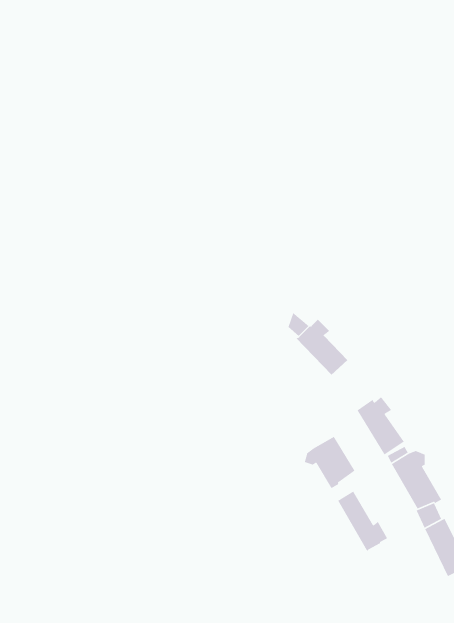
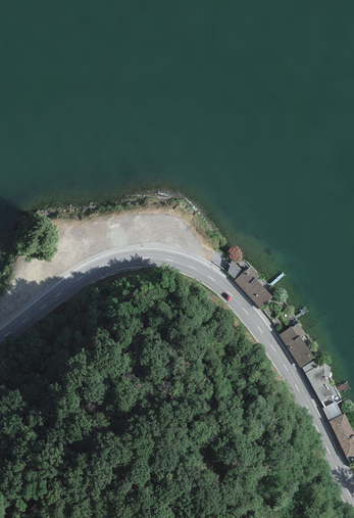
building: [304,436,355,489] -> none
building: [337,490,388,553] -> none

